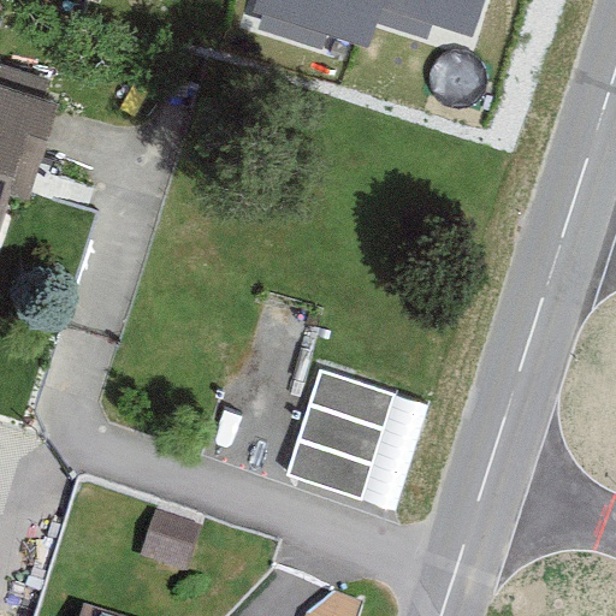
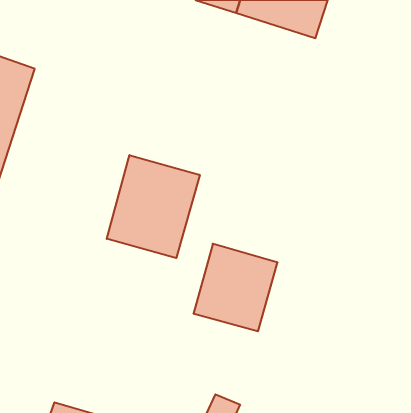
building: none -> [107,155,200,258]

